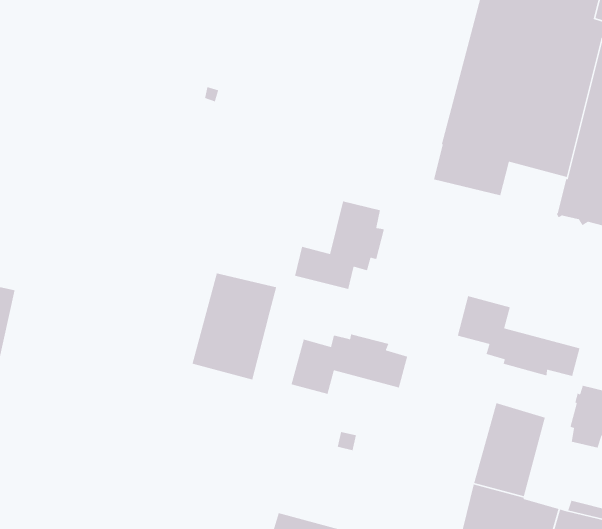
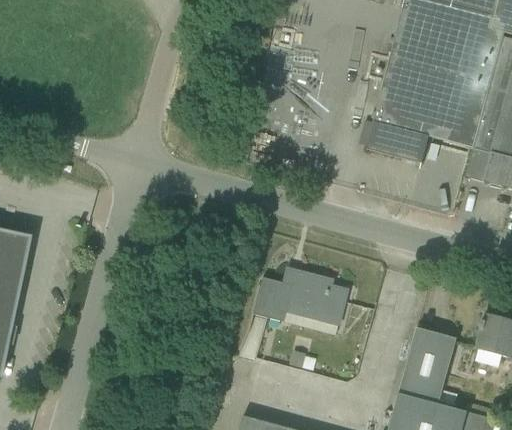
building: [294,200,385,290] -> none
building: [191,272,277,381] -> none
building: [457,295,580,377] -> none

